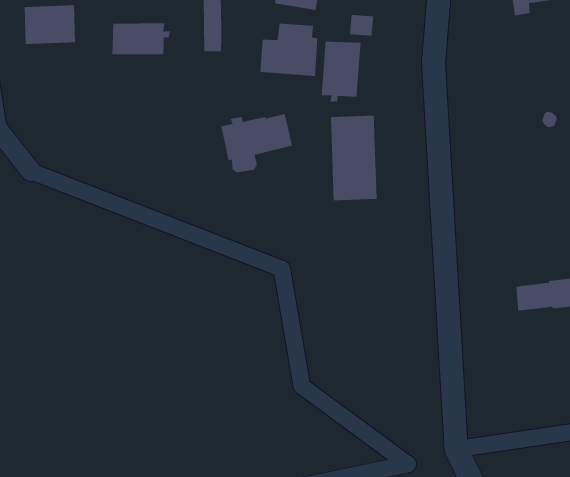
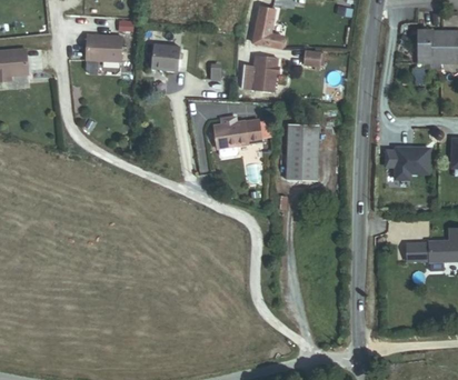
building: [321,41,361,103] -> none
building: none -> [384,150,427,180]

